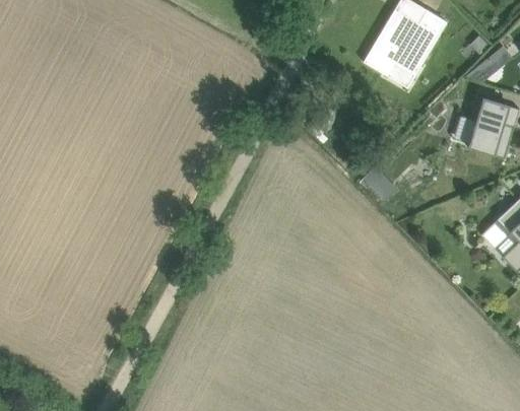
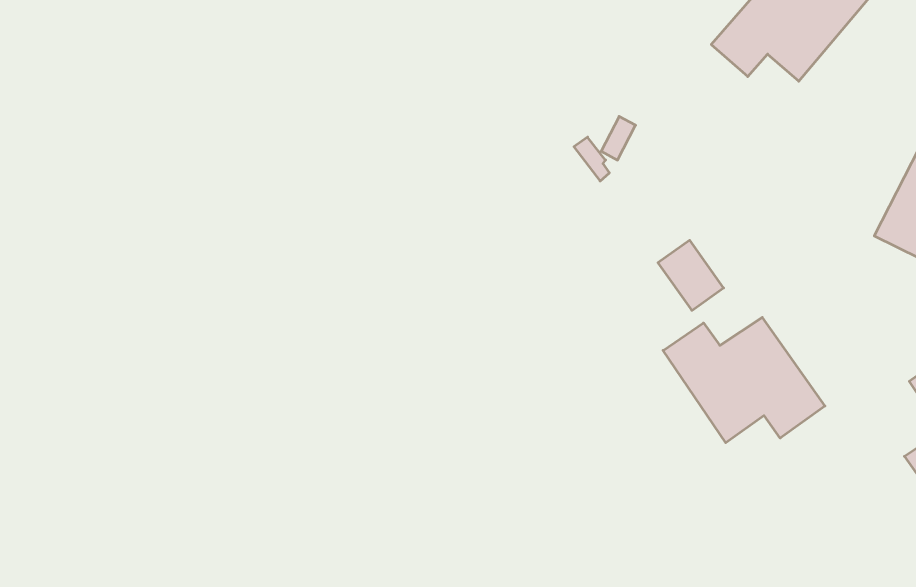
building: none -> [663,317,825,443]

